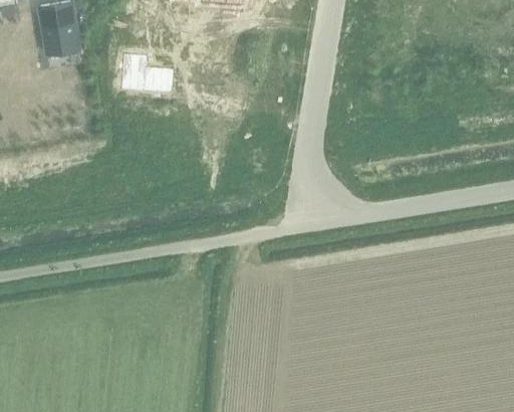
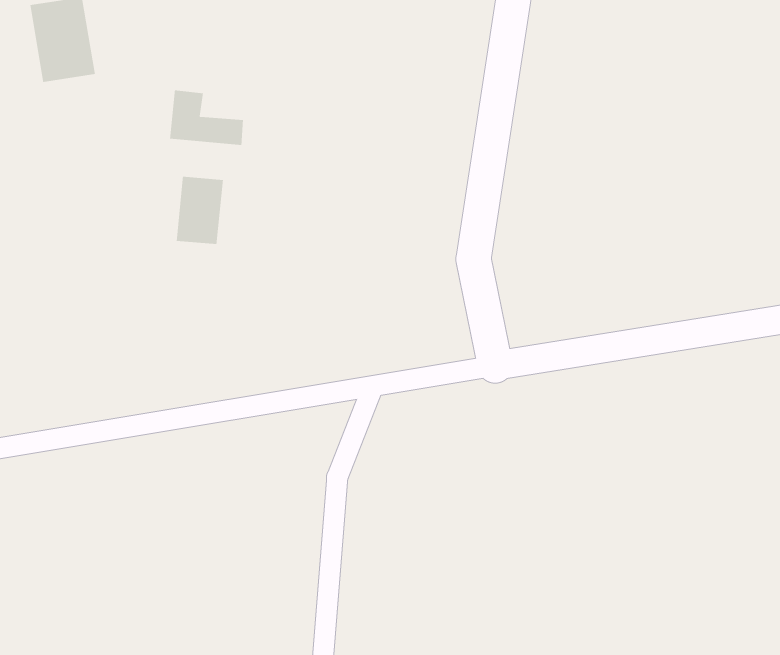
building: none -> [176,176,224,245]

